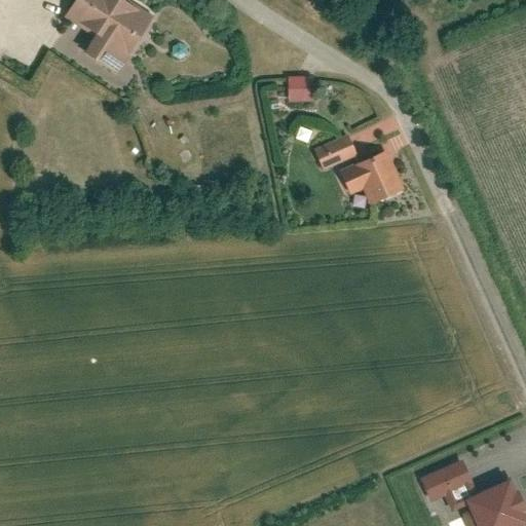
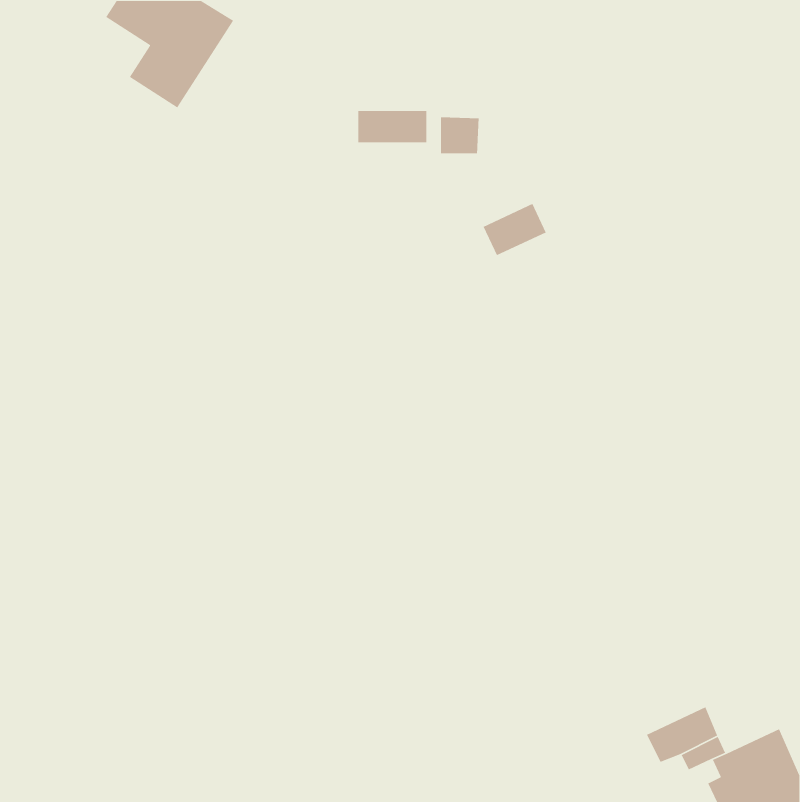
building: none -> [357,110,427,143]
building: [340,149,406,203] -> none

